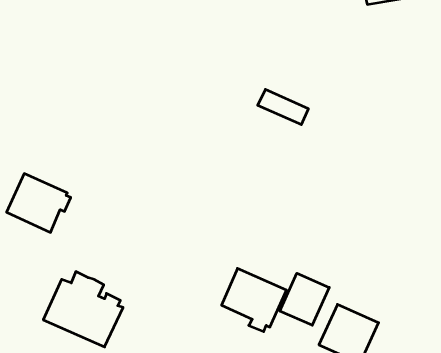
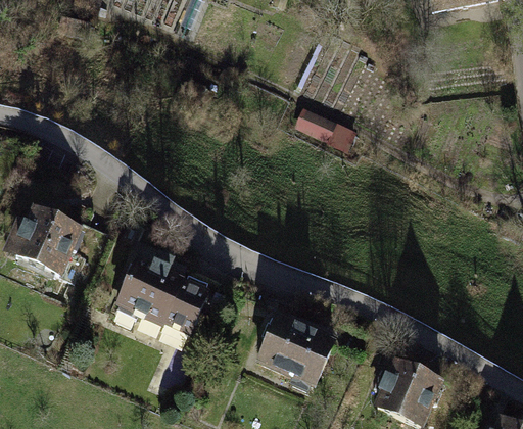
building: [43,272,123,347] -> [116,250,209,338]
building: [280,273,329,325] -> none

